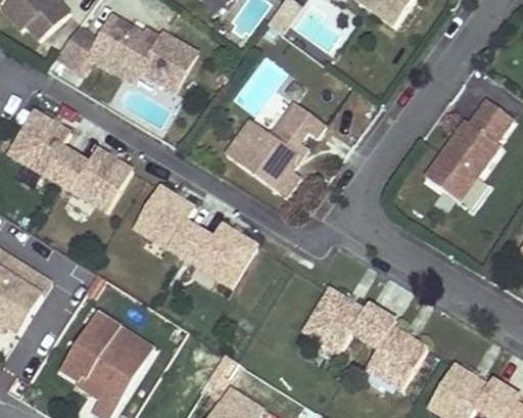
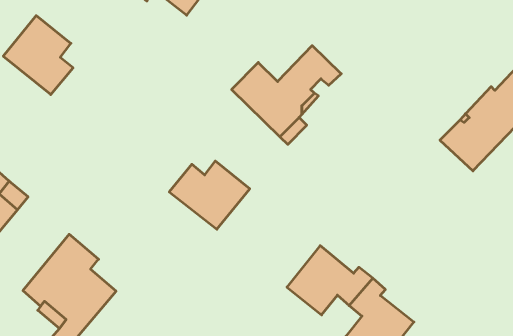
building: [59,147,133,212] -> none
building: [133,185,199,258] -> none

